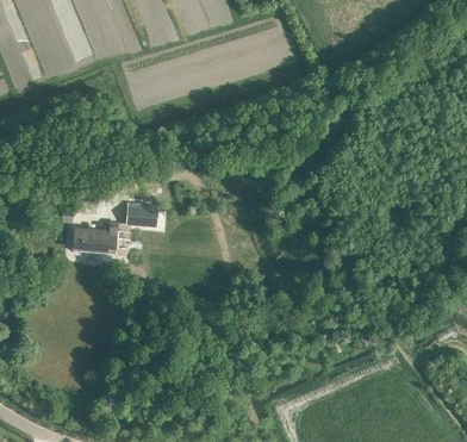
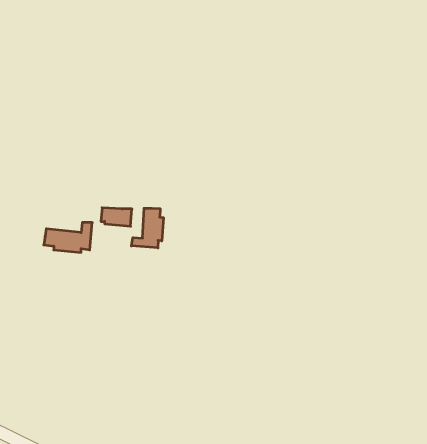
building: none -> [131,208,163,248]

